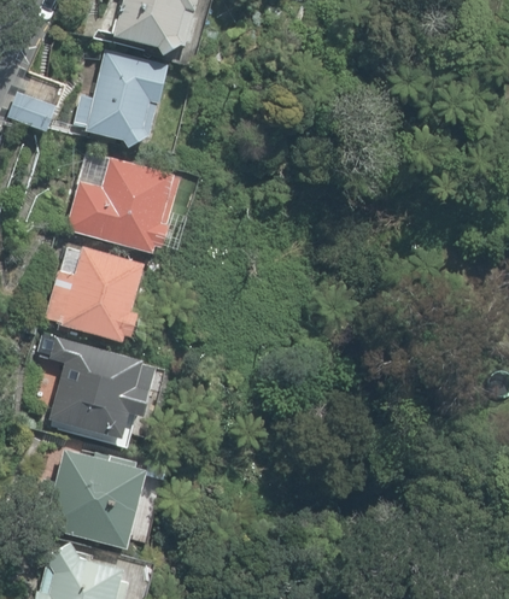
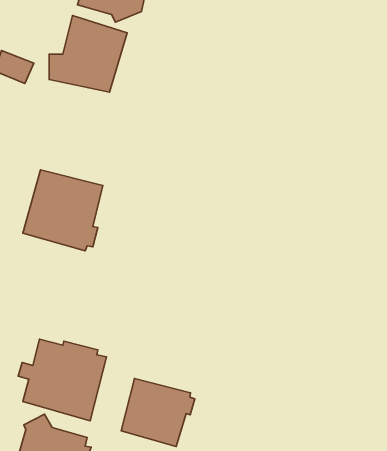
building: [65,158,186,251] -> none
building: [49,339,157,446] -> none
building: none -> [121,379,195,446]

